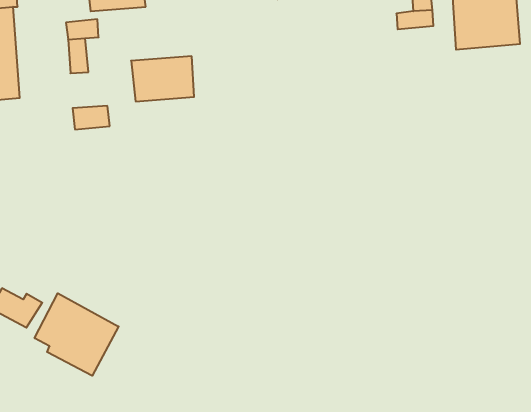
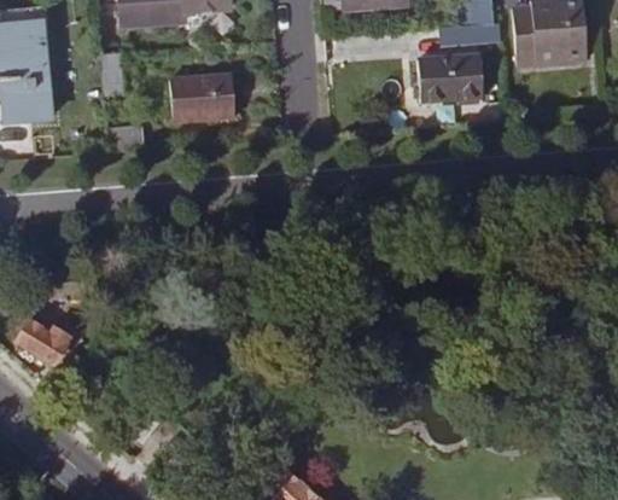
building: none -> [419,54,483,101]
building: [35,293,119,376] -> none

